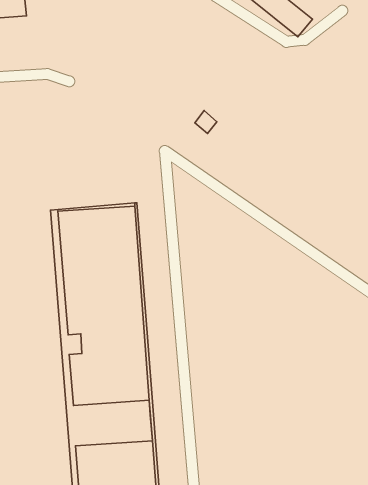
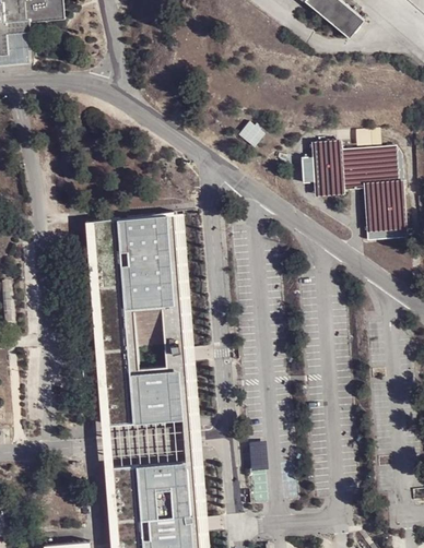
building: none -> [301,135,409,235]

